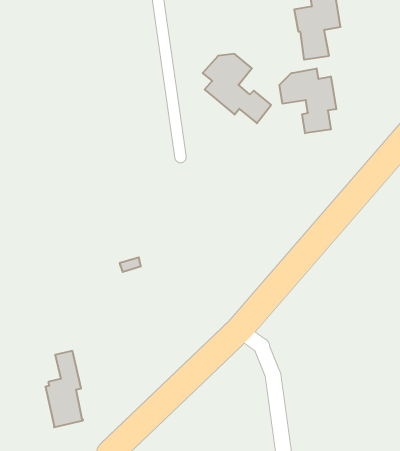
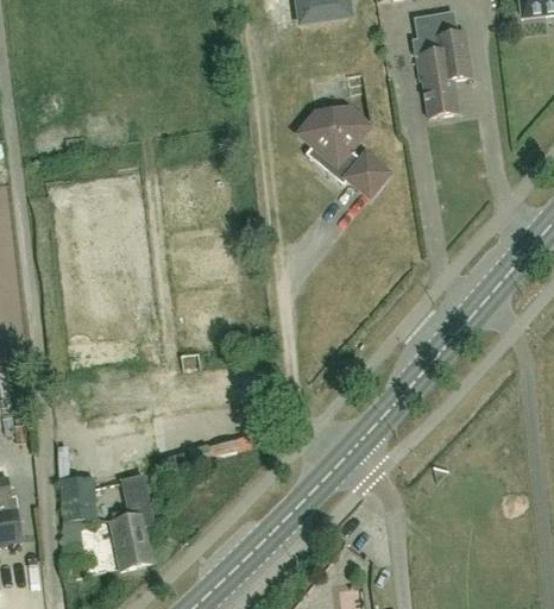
building: [280,68,336,133] -> none
building: none -> [58,475,94,555]

